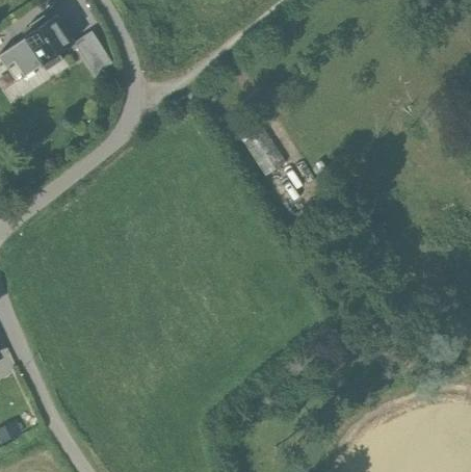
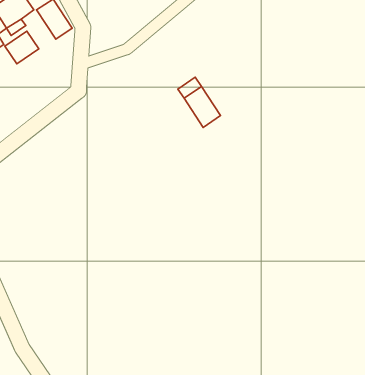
building: none -> [5,31,39,64]

